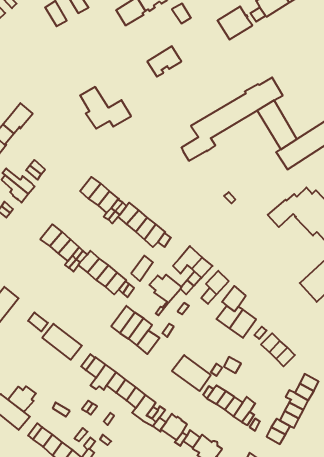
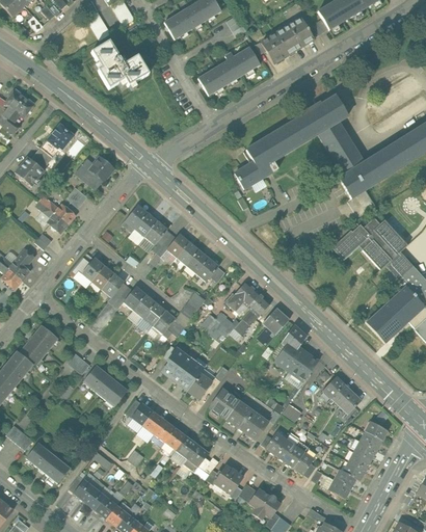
building: none -> [261,33,289,63]
building: none -> [224,47,260,75]
building: [80,87,131,129] -> [91,42,148,87]
building: none -> [75,156,113,190]
building: none -> [209,389,239,418]
building: [8,386,36,412] -> none

